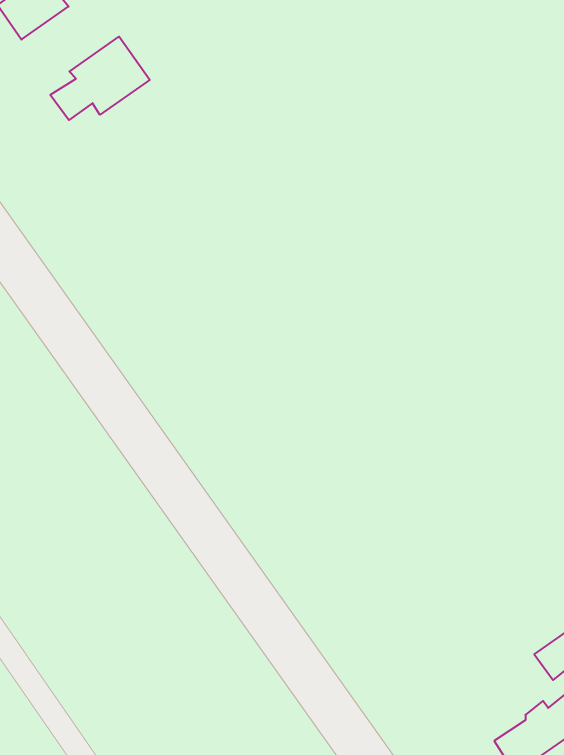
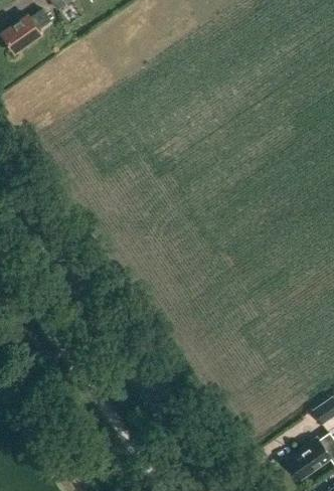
building: [50,37,150,120] -> none

